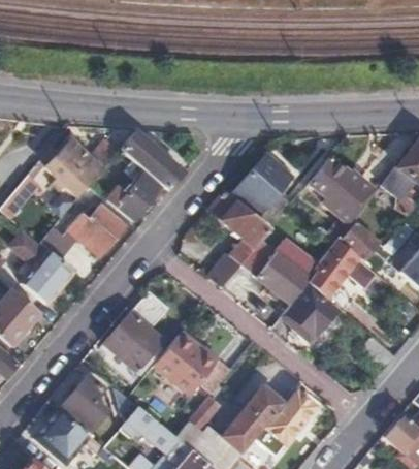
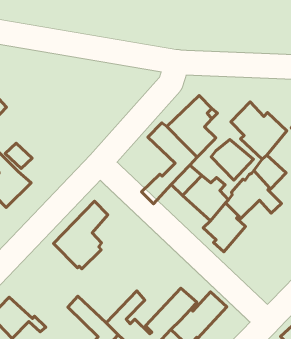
building: [122,132,181,187] -> none
building: [43,140,116,197] -> none
building: [107,175,158,220] -> none
building: [69,202,127,249] -> none
building: none -> [211,139,254,180]
building: [153,329,231,395] -> none
building: [62,375,105,430] -> none

